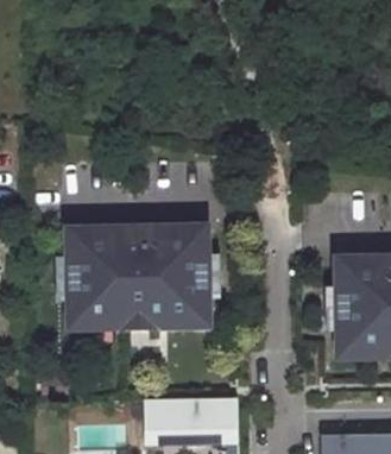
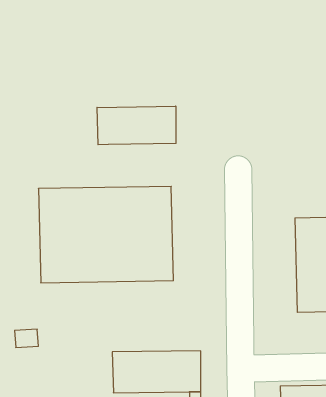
building: none -> [97,106,176,145]

